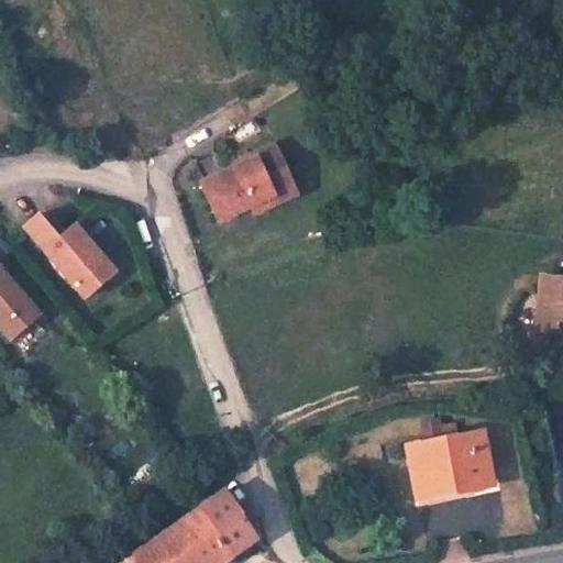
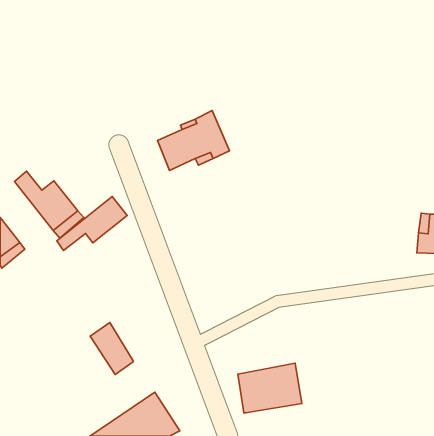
building: none -> [57,197,127,251]
building: [412,429,495,493] -> [238,363,302,413]
building: [203,486,258,553] -> [90,322,133,375]

